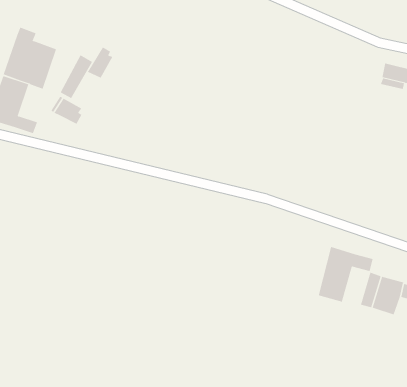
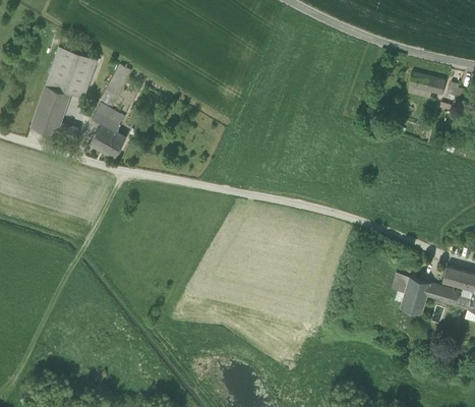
building: [87,46,113,78] -> none
building: none -> [90,123,127,159]
building: [318,246,373,303] -> none

